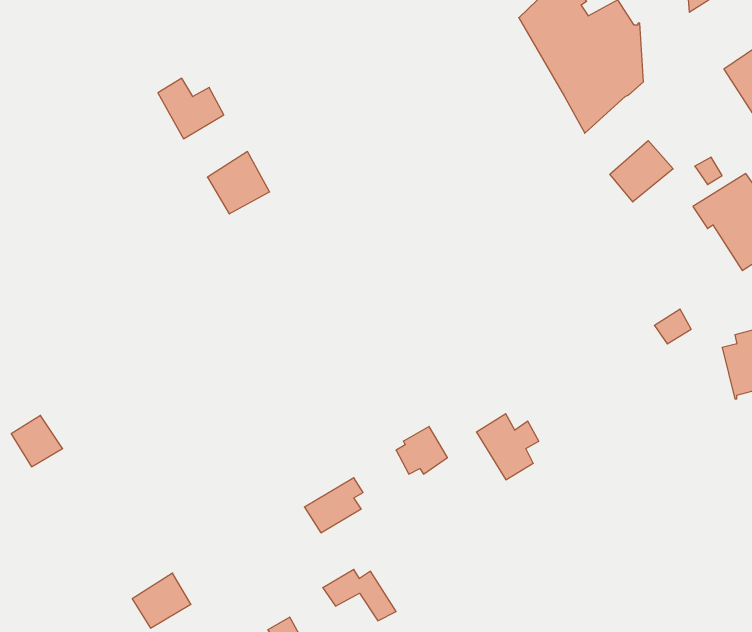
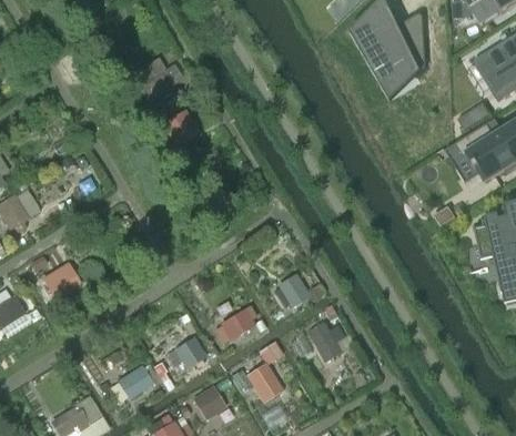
building: [610,141,673,202] -> none
building: [476,414,539,480] -> [310,323,347,363]
building: none -> [170,335,206,368]

